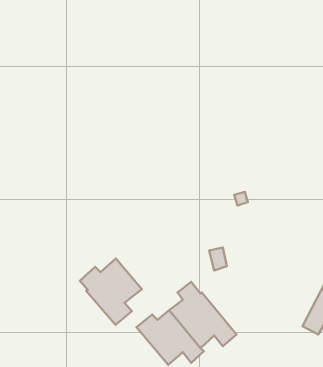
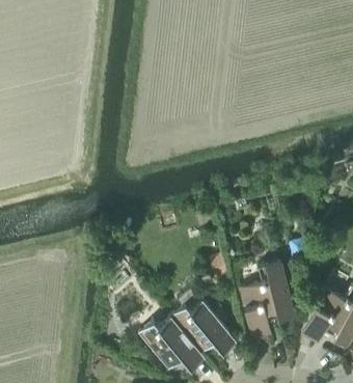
building: none -> [240,262,294,336]
building: [80,258,142,325] -> none

